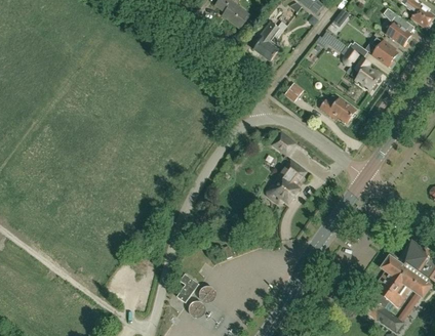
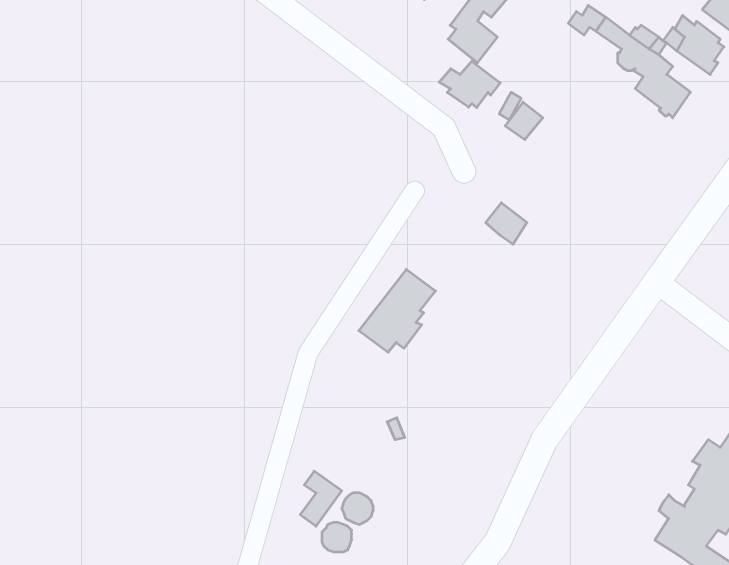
building: none -> [439,61,500,108]
building: [319,94,356,124] -> none
building: [267,162,307,205] -> [359,269,436,352]

